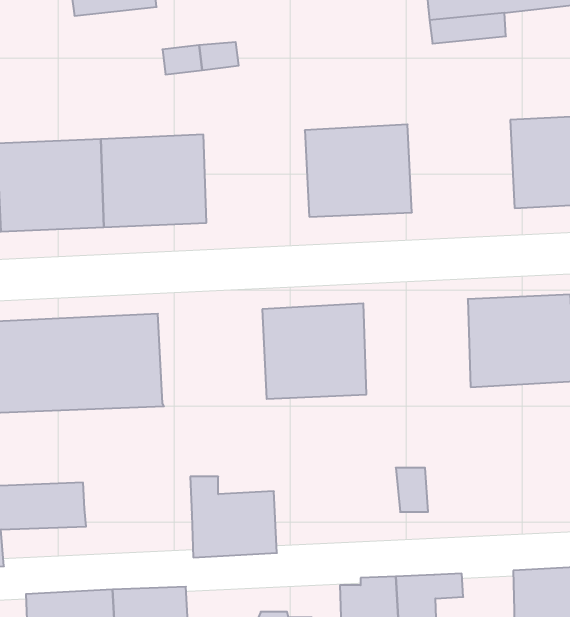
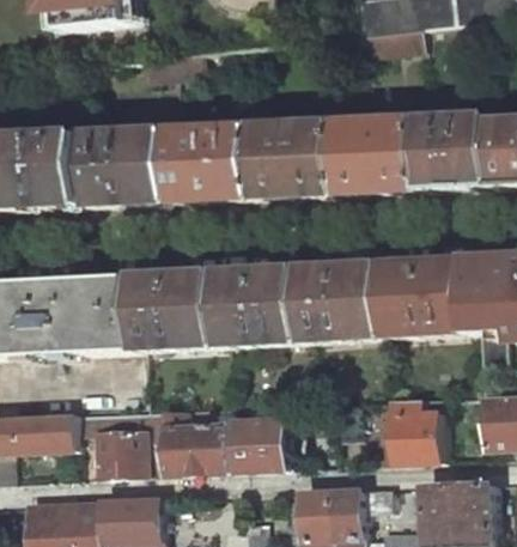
building: none -> [341,117,428,193]
building: none -> [175,126,261,201]
building: none -> [305,263,393,341]
building: none -> [138,272,226,348]
building: none -> [383,396,445,463]
building: none -> [77,408,166,476]
building: none -> [232,418,287,470]

